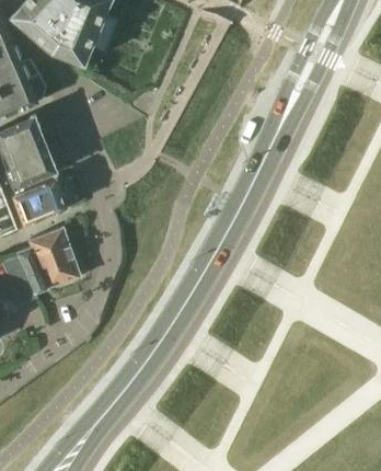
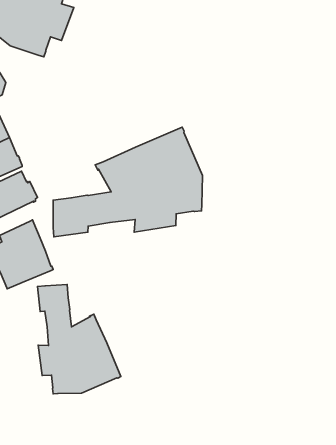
building: none -> [53,127,203,237]
building: none -> [38,285,121,394]

